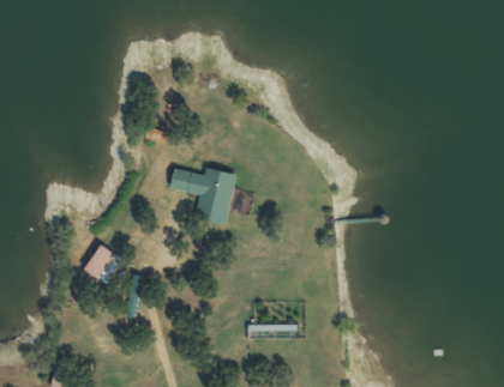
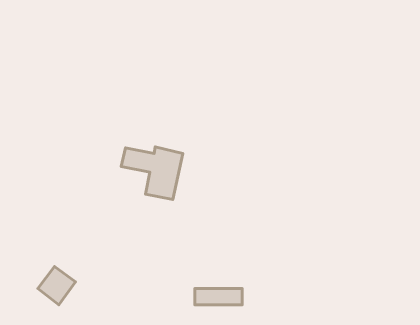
building: [82,244,122,286] -> [38,266,75,305]

